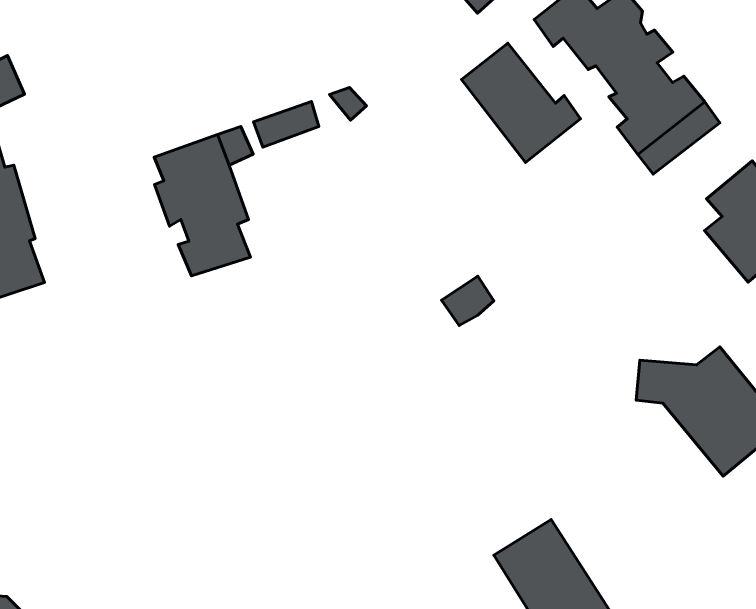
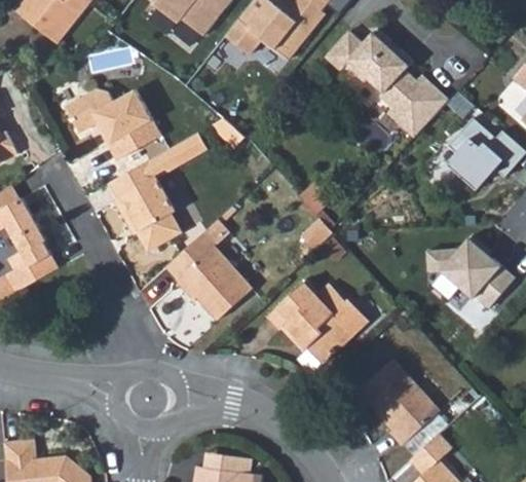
building: none -> [73,91,156,162]
building: [462,43,580,163] -> none
building: none -> [165,227,251,316]
building: none -> [265,281,365,361]

